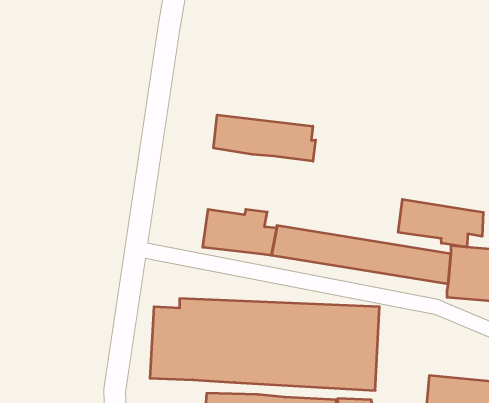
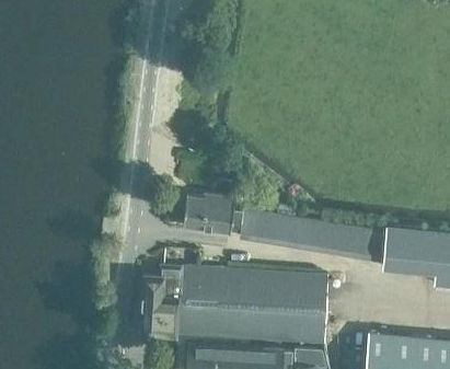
building: [214,115,316,161] -> none
building: [398,199,483,247] -> none

